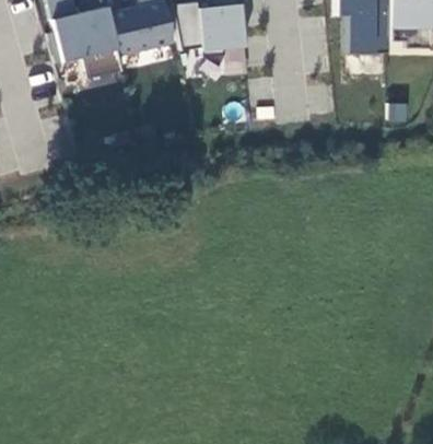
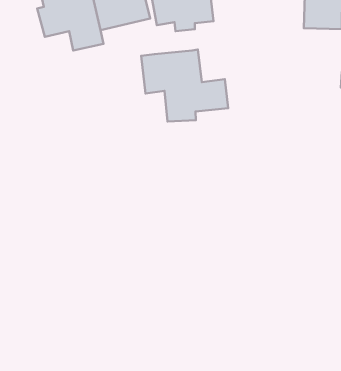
building: none -> [141,49,228,121]

